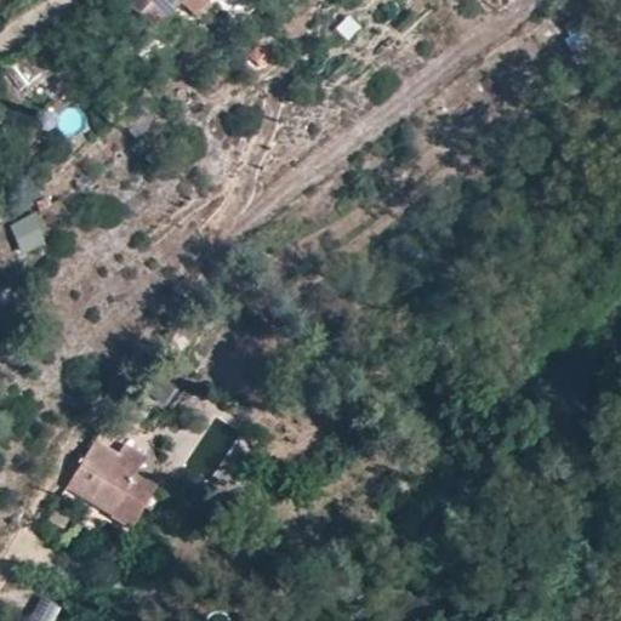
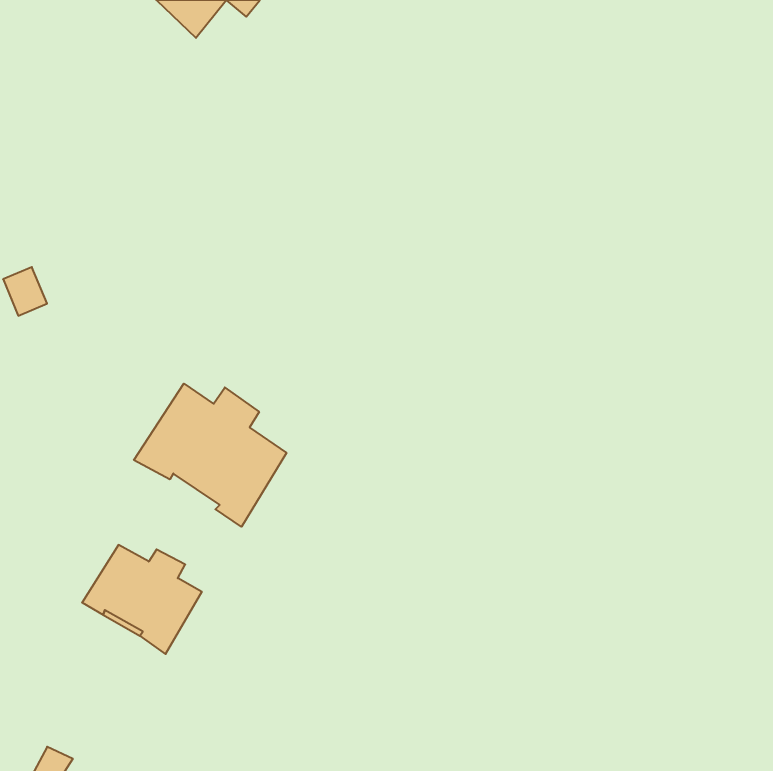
building: none -> [134,384,286,527]

